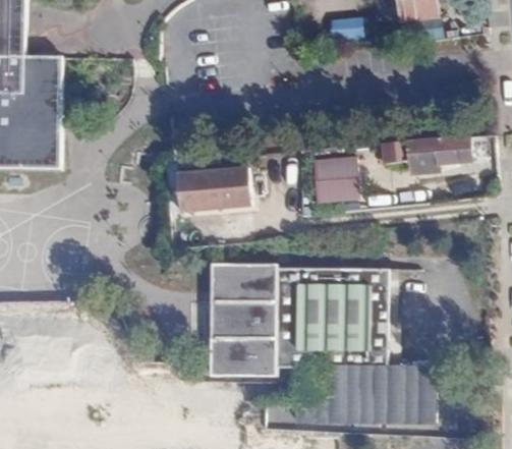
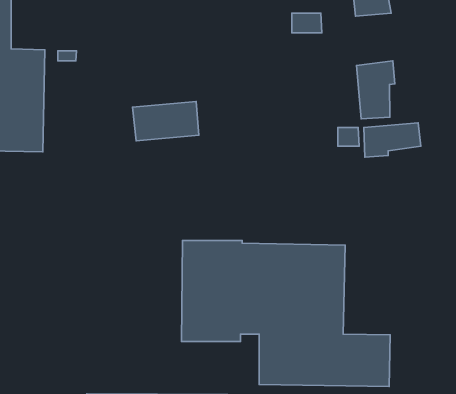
building: none -> [357,61,395,119]
building: [312,157,358,202] -> none
building: [179,169,251,212] -> [132,102,199,141]

